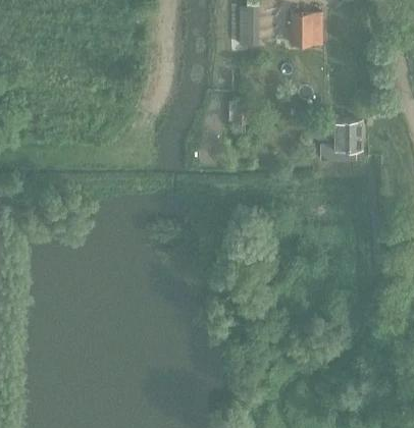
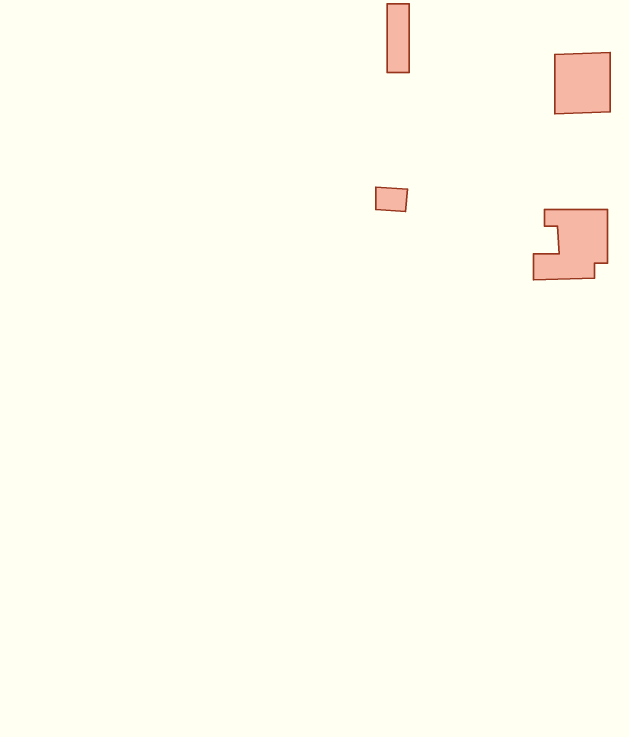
building: [291,12,321,46] -> [555,53,610,114]

